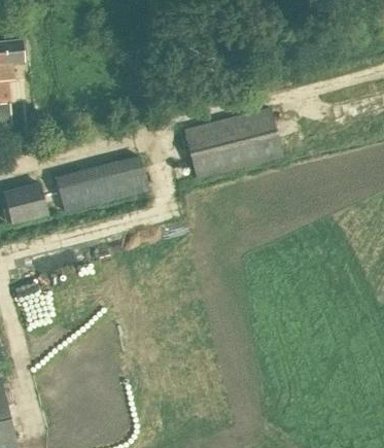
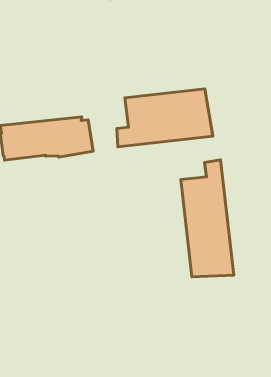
building: none -> [181,160,234,277]

